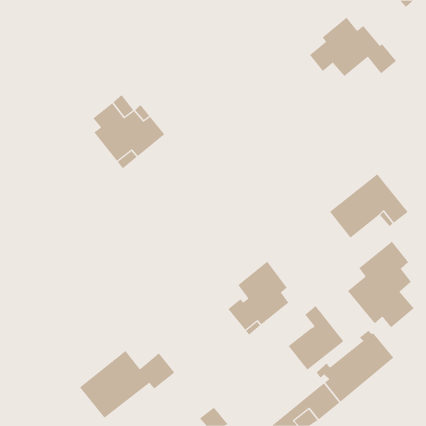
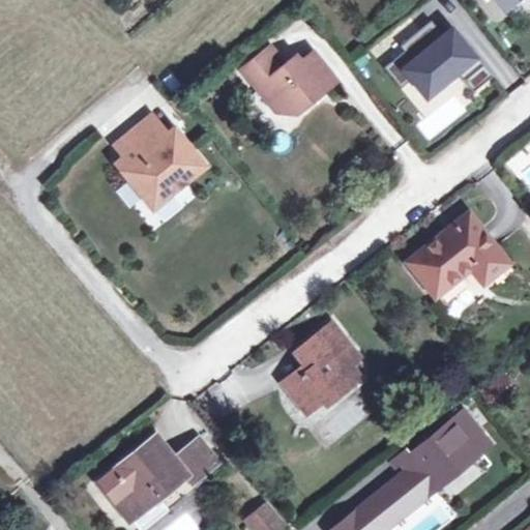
building: none -> [242,49,335,114]
building: [347,241,415,328] -> none
building: [288,305,344,371] -> none

